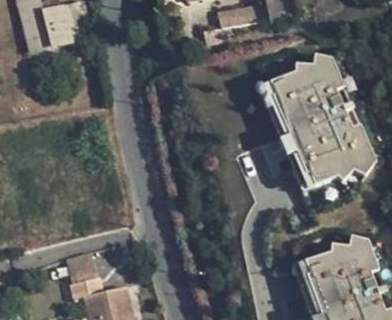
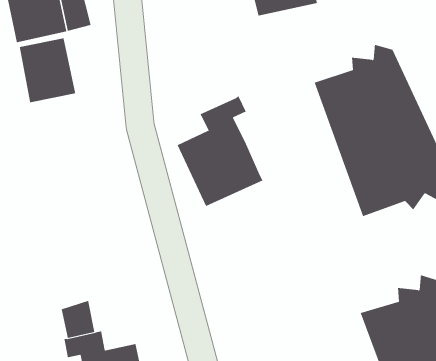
building: none -> [19,37,76,103]
building: none -> [177,95,263,207]

